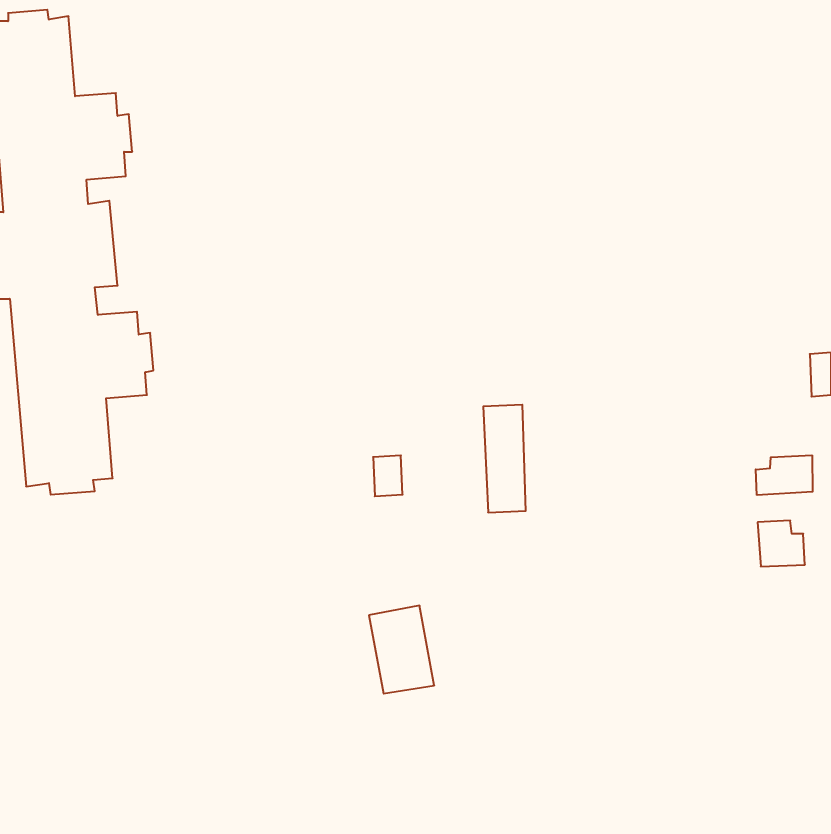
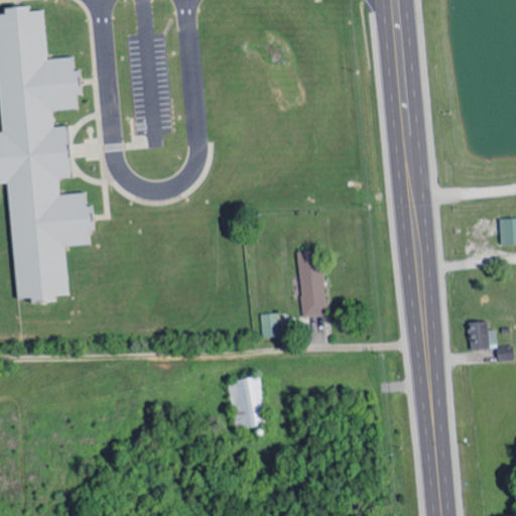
building: [756,455,813,495] -> none
building: [373,455,403,496] -> [261,312,279,338]

